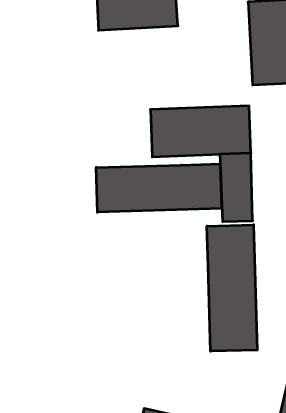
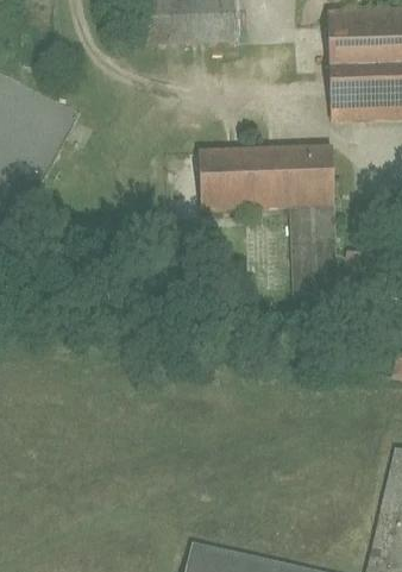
building: [96,164,221,212] -> none
building: [207,225,257,351] -> none

